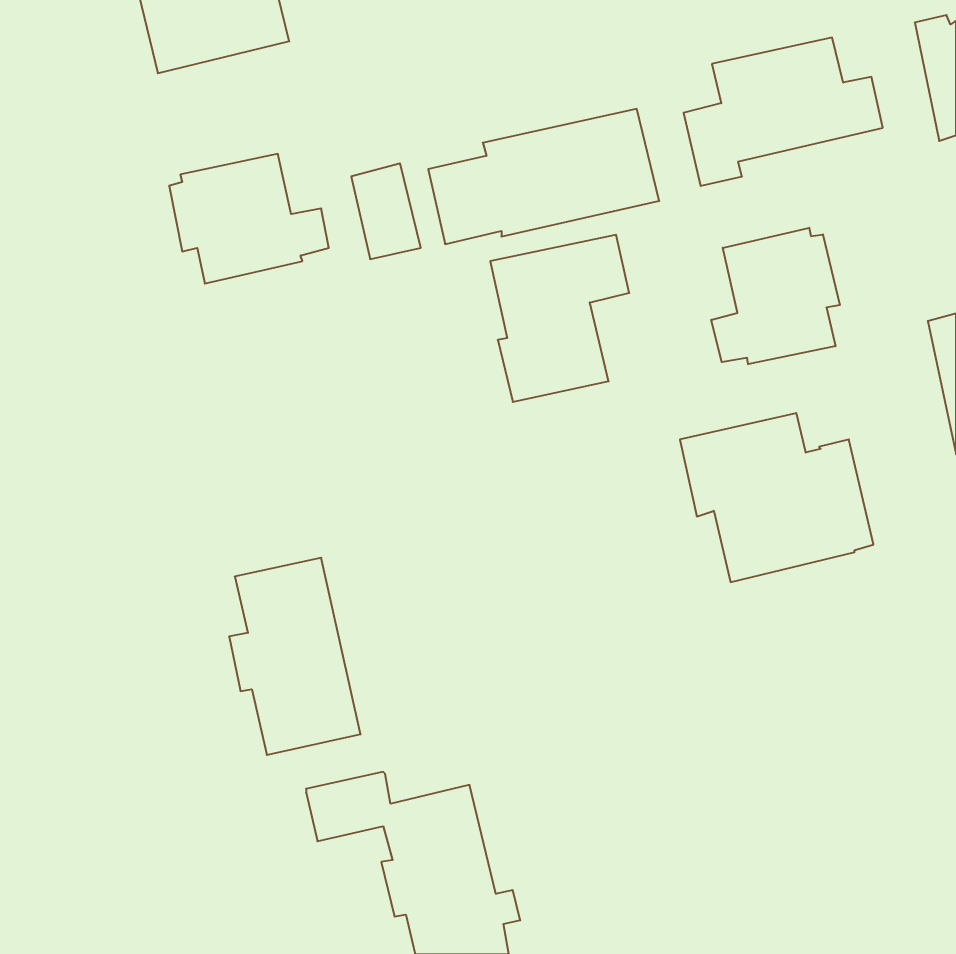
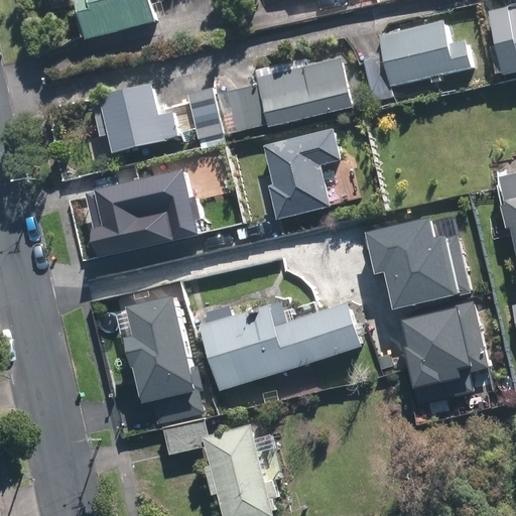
building: [711,228,840,364] -> none
building: none -> [86,168,195,255]
building: none -> [400,301,488,388]
building: none -> [202,302,362,390]

